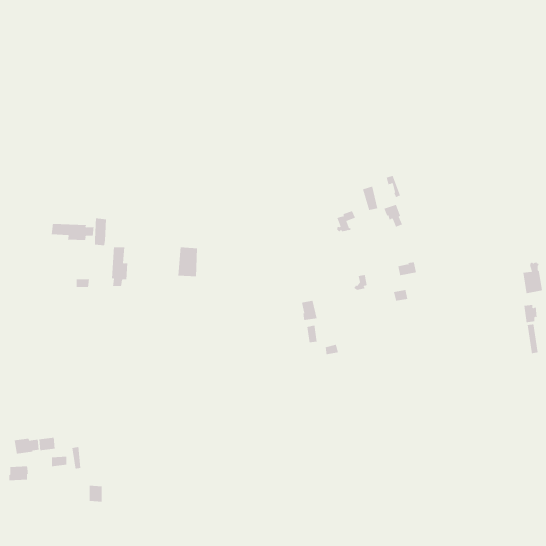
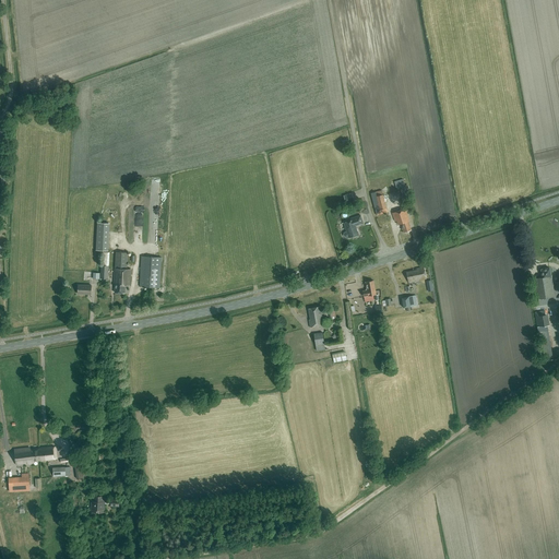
building: [51,223,94,241] -> none
building: [178,247,198,277] -> [140,257,160,287]

